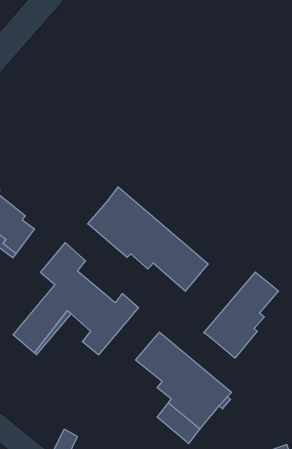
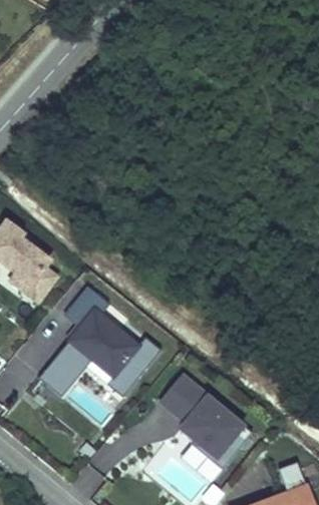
building: [88,187,208,291] -> none
building: [204,272,278,358] -> none

